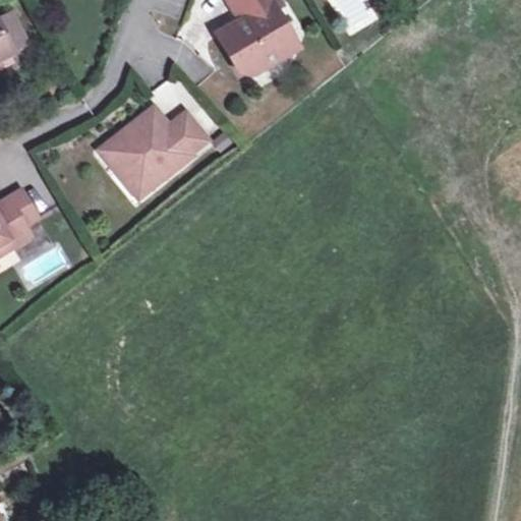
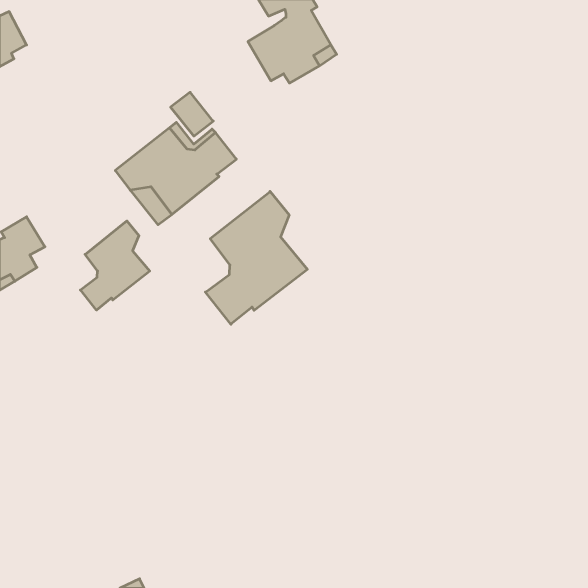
building: none -> [205,191,307,324]
building: none -> [80,221,150,310]

